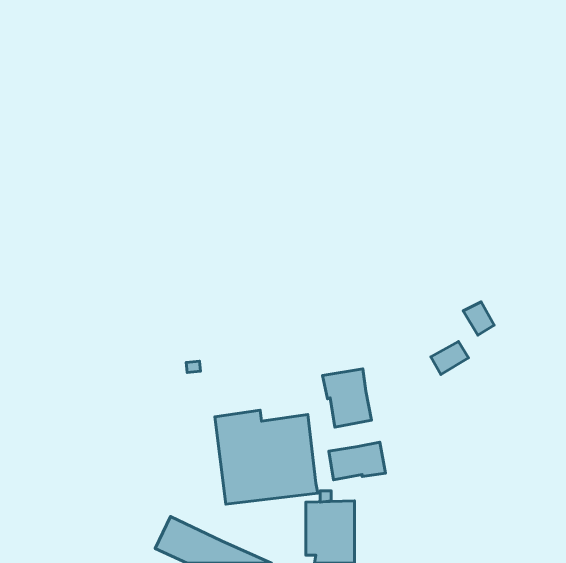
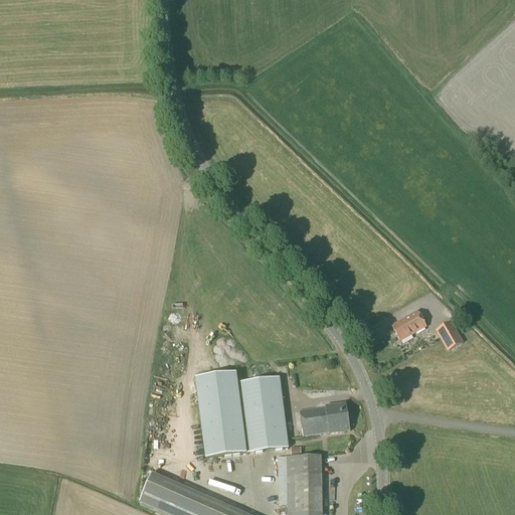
building: [463,302,494,335] -> [435,320,463,350]
building: [323,369,372,427] -> none

